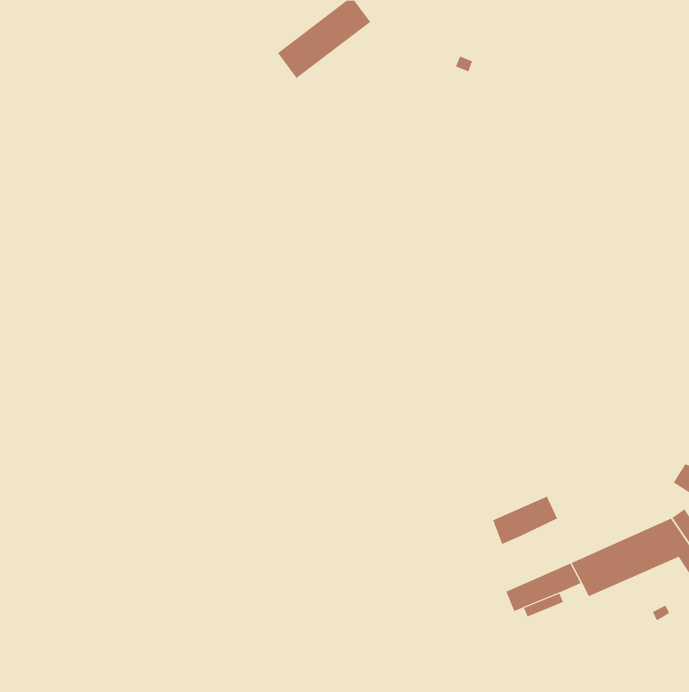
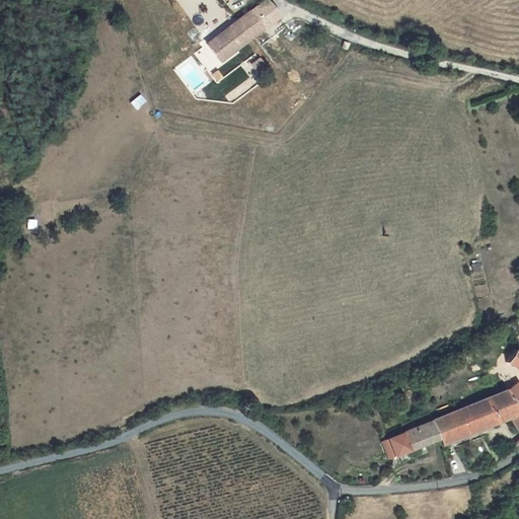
building: [492,496,558,545] -> none

